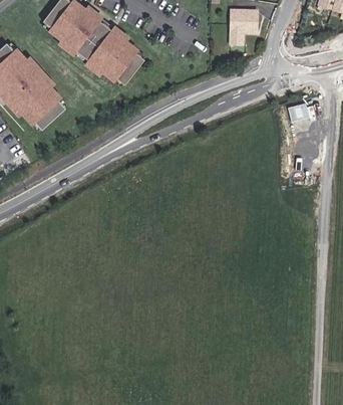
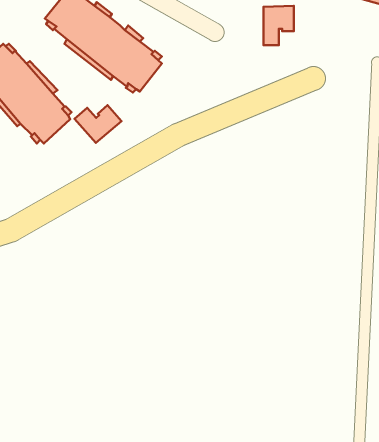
building: none -> [75,105,122,143]

